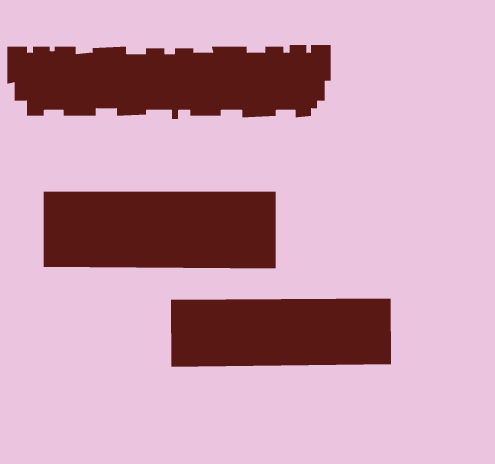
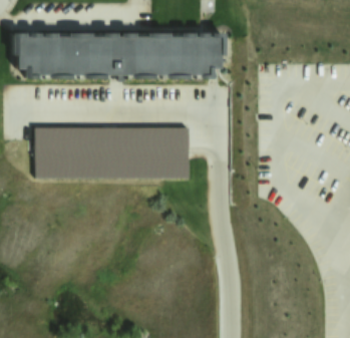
building: [170,298,392,368] -> none

